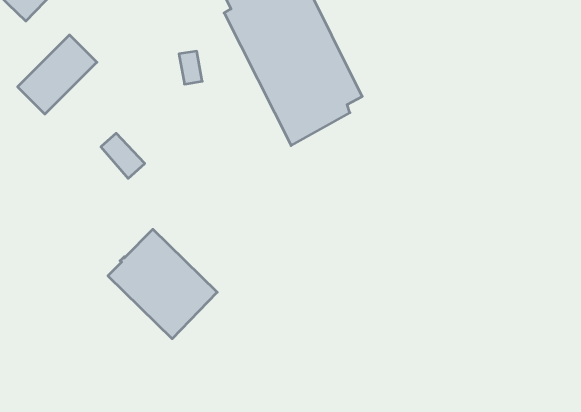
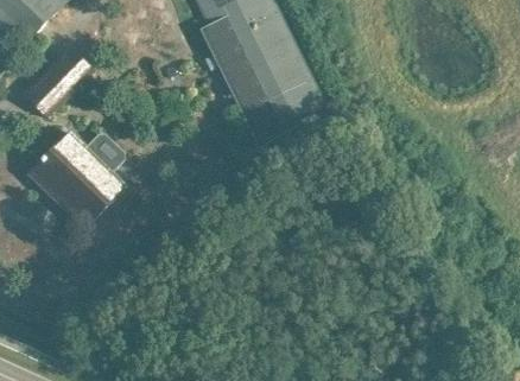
building: [108,229,217,339] -> [27,127,122,222]

